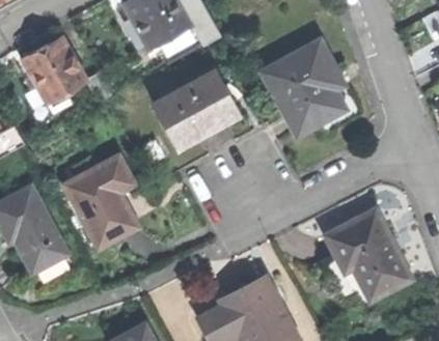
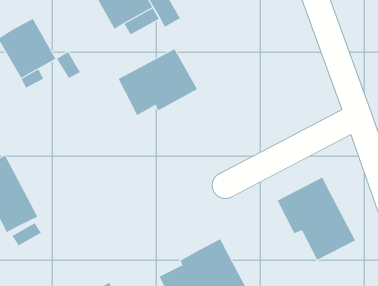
building: [262,42,345,137] -> none
building: [63,154,137,248] -> none

